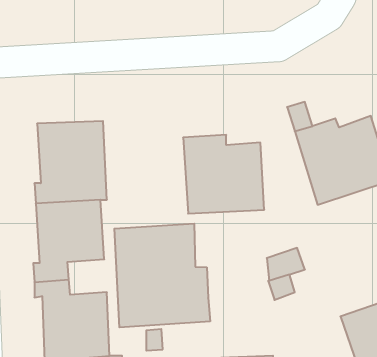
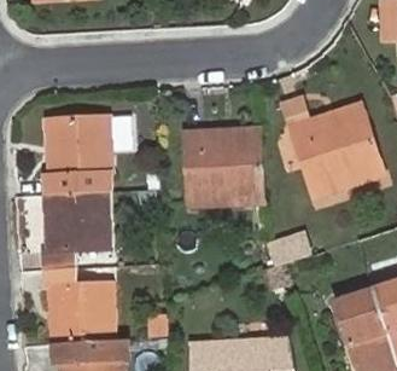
building: [114,224,210,327] -> none

